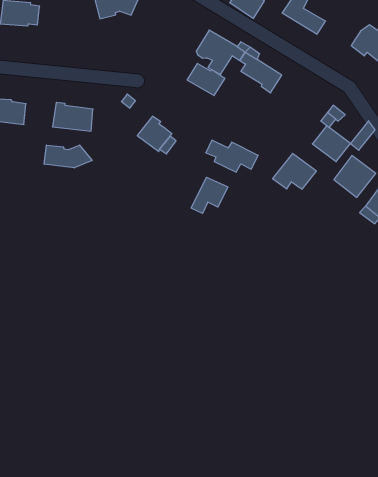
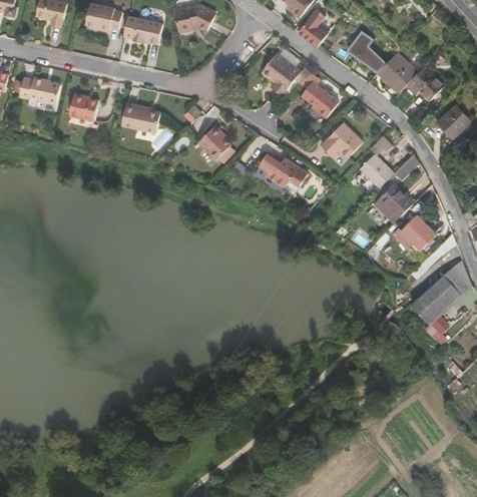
building: none -> [133,19,162,43]
building: none -> [376,50,415,90]
building: [187,63,225,96] -> none
building: [44,145,92,168] -> none
building: [273,153,316,189] -> [322,124,363,158]
building: [191,177,228,213] -> none

